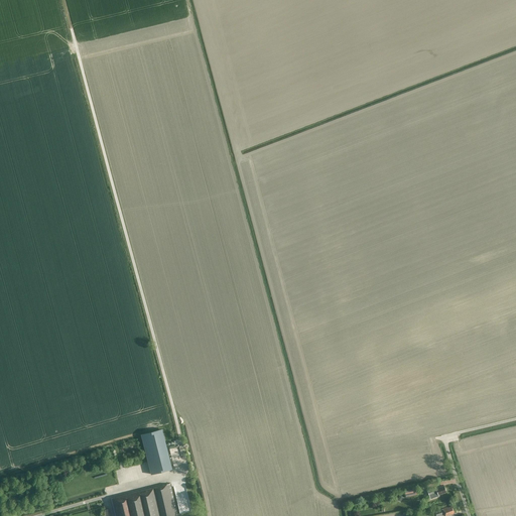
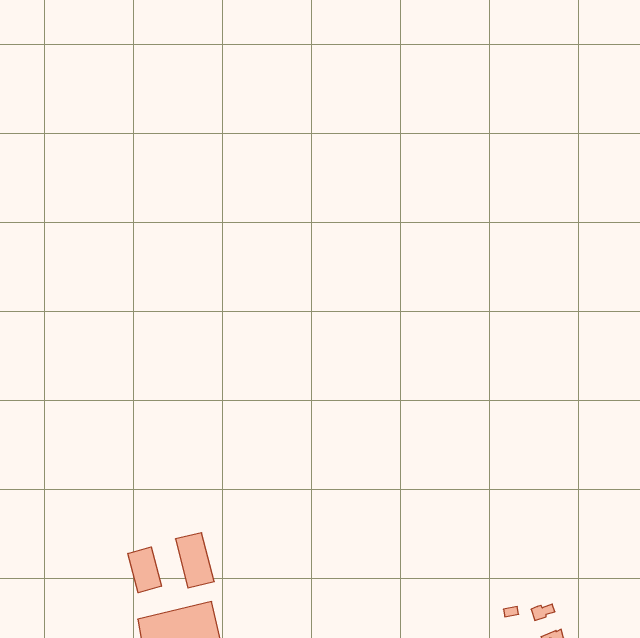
building: none -> [128,547,161,593]

